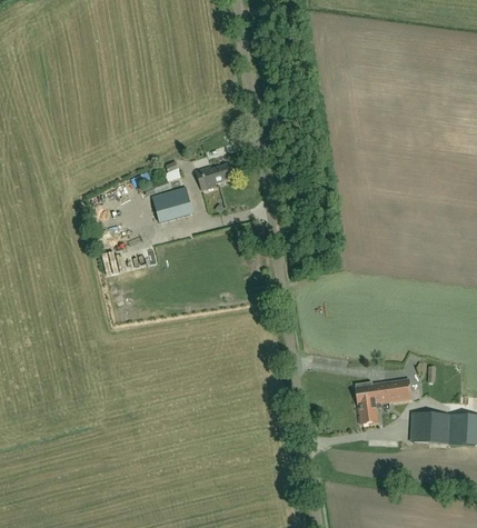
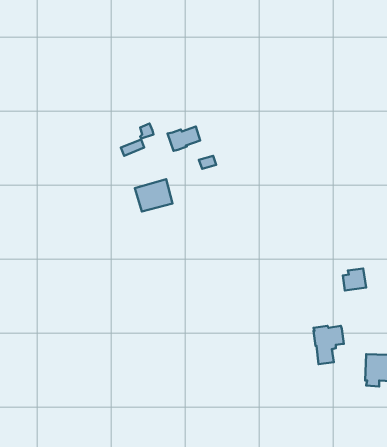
building: [151,186,192,221] -> [135,179,172,212]
building: [386,377,411,401] -> [343,268,366,291]

